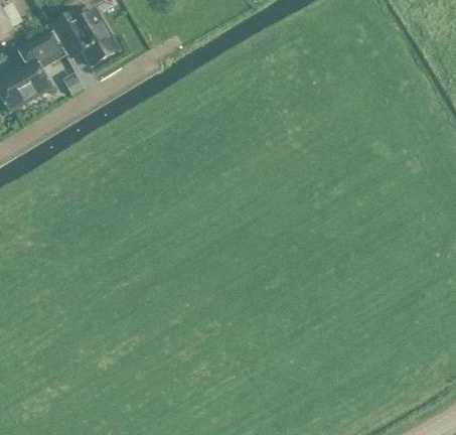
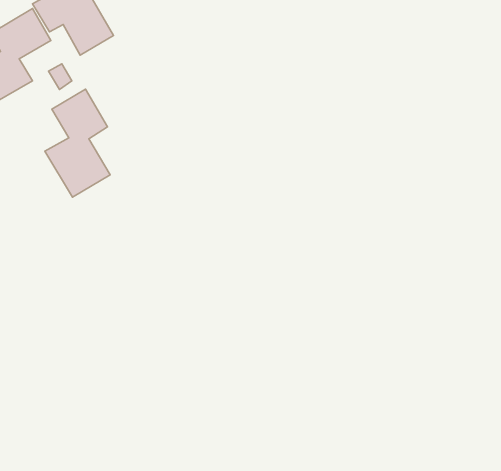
building: none -> [45,89,110,197]

